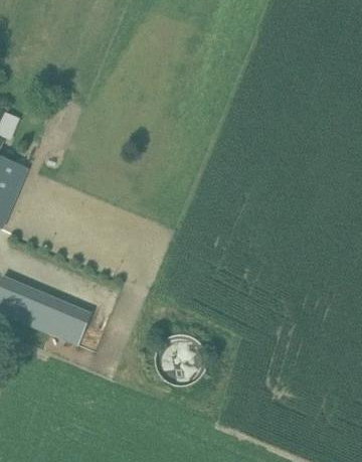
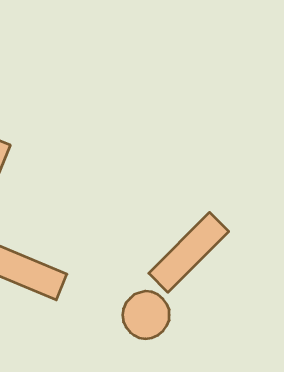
building: none -> [149,212,229,292]

